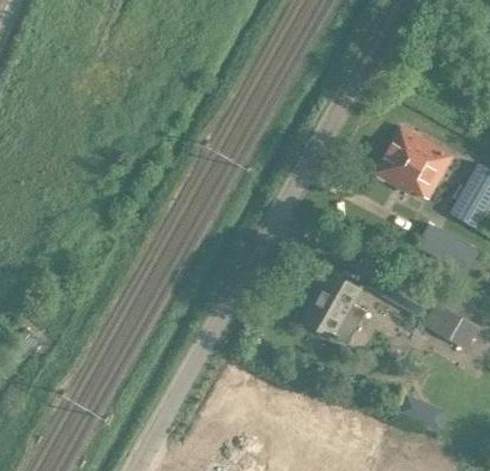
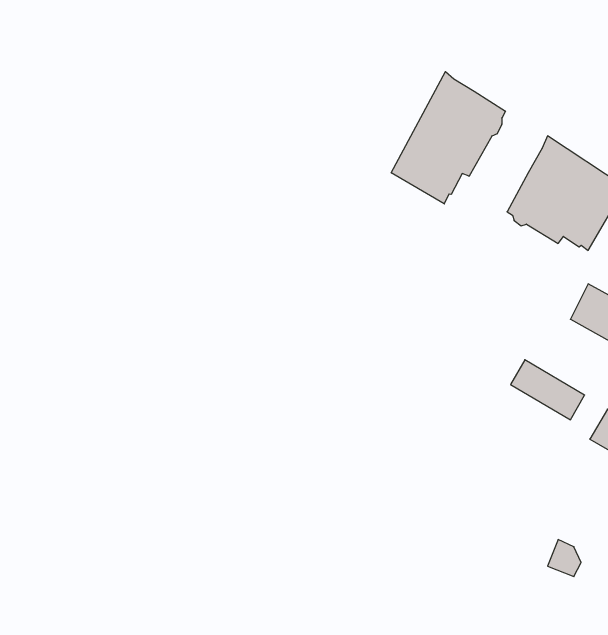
building: none -> [391,72,505,204]
building: [301,273,364,344] -> none

